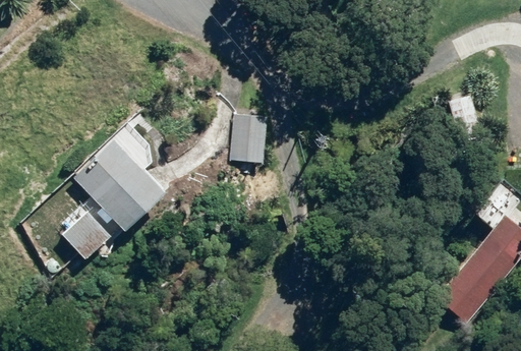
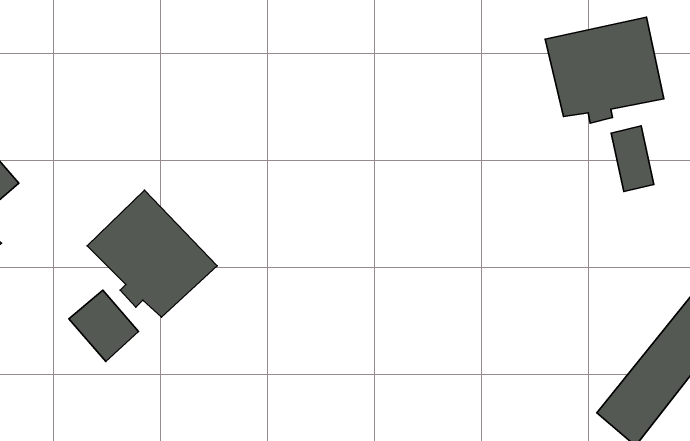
building: none -> [545,17,664,123]
building: [228,114,264,162] -> none

